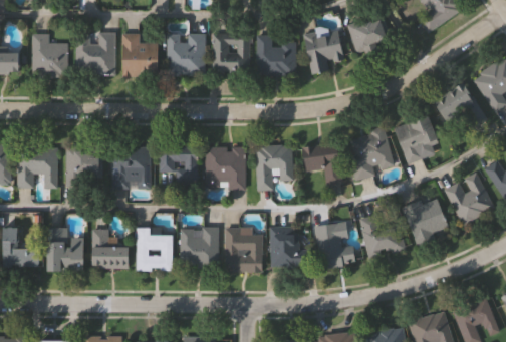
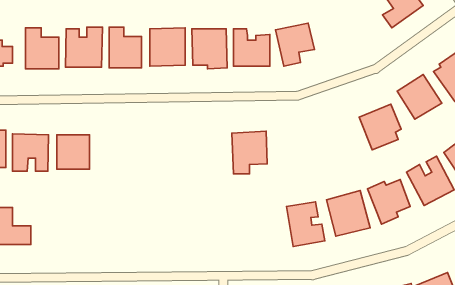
building: [346,13,392,55] -> none
building: [344,126,394,182] -> none
building: [302,142,342,186] -> none
building: [162,147,198,186] -> none
building: [112,148,152,190] -> none
building: [205,148,246,190] -> none
building: [269,226,306,269] -> none
building: [180,228,218,267] -> none
building: [225,228,263,272] -> none
building: [46,229,83,272] -> none
building: [91,230,129,270] -> none
building: [138,230,173,272] -> none

